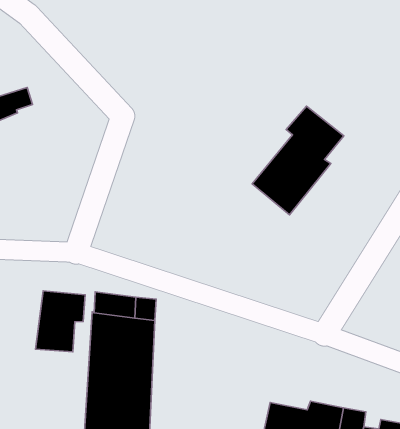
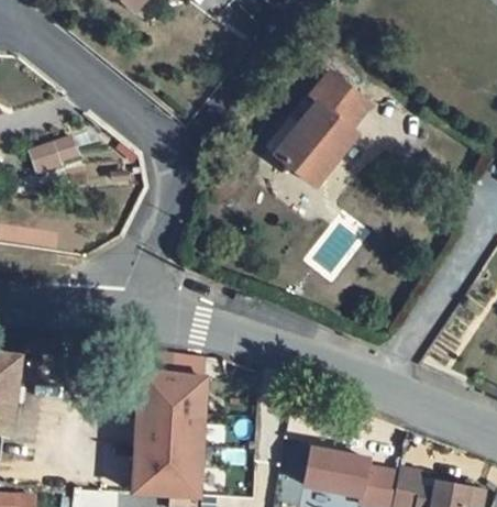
building: [252,106,344,215] -> [276,73,371,185]
building: [36,291,85,352] -> none

